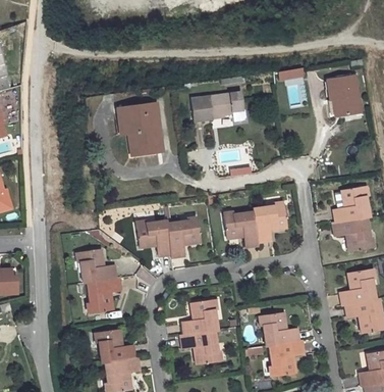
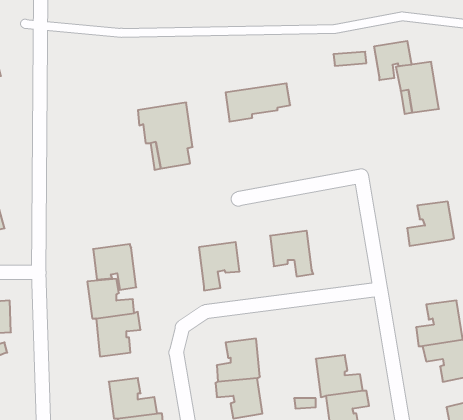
building: none -> [374,41,412,80]
building: [255,204,287,242] -> none
building: [335,217,375,251] -> none
building: [138,220,172,257] -> [93,244,136,290]

